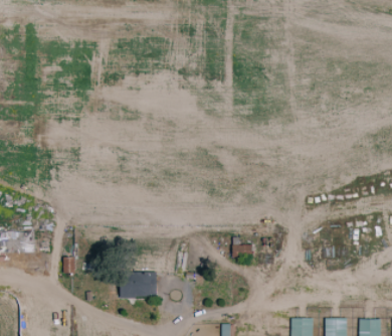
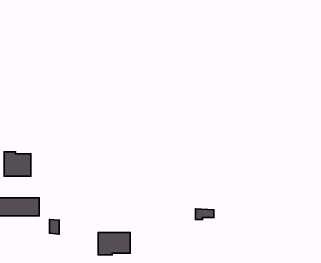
building: none -> [4,152,31,176]

